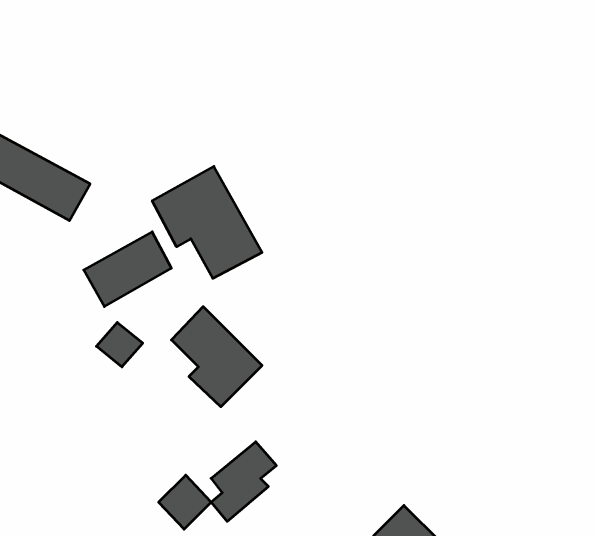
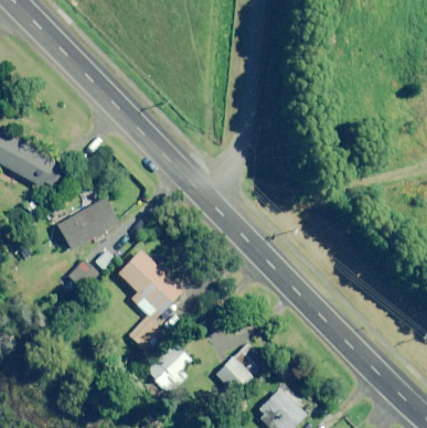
building: [152,166,262,278] -> none
building: none -> [216,342,267,393]
building: [159,475,211,529] -> [129,315,166,353]

